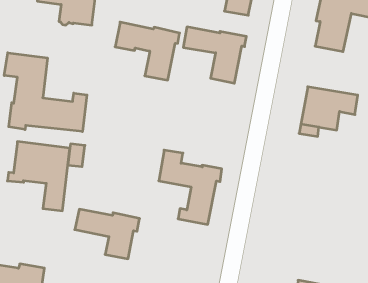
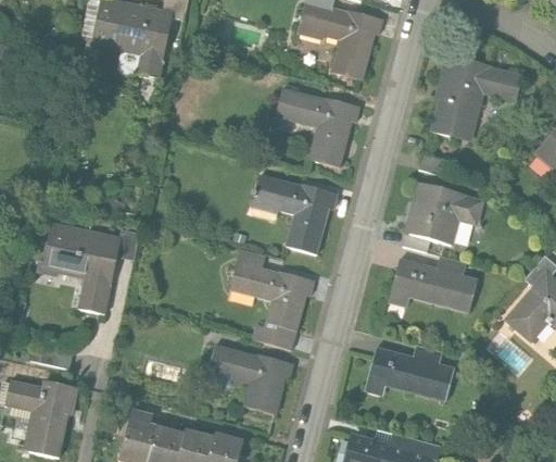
building: [115,22,180,80] -> [251,174,336,253]
building: [4,53,87,132] -> none
building: none -> [402,250,490,307]
building: [75,209,140,259] -> [205,346,290,414]
building: none -> [378,339,466,398]

